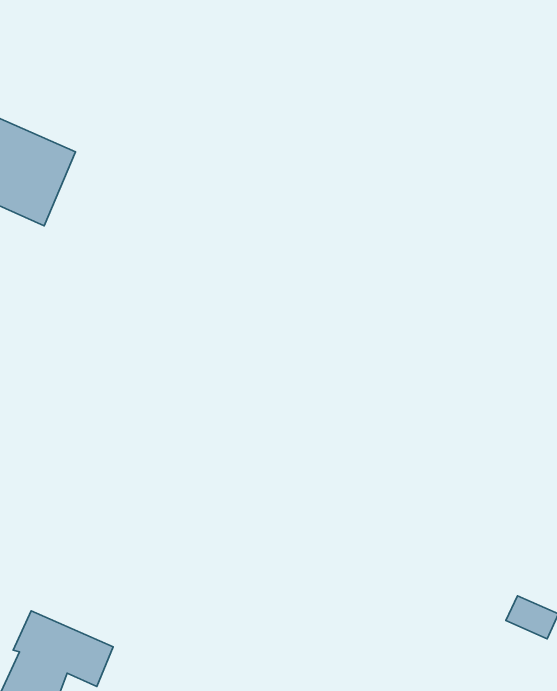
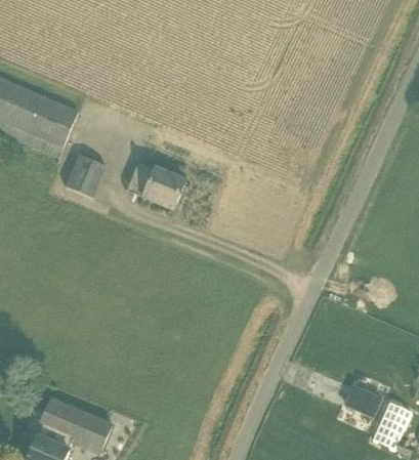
building: none -> [64,154,104,197]
building: none -> [140,166,184,209]

